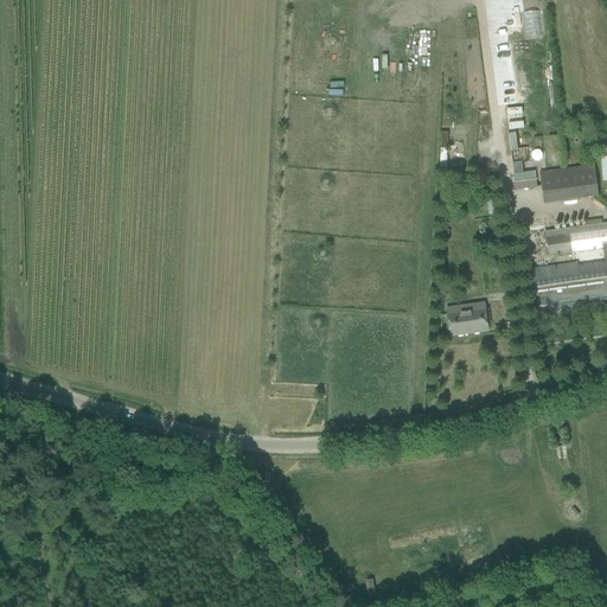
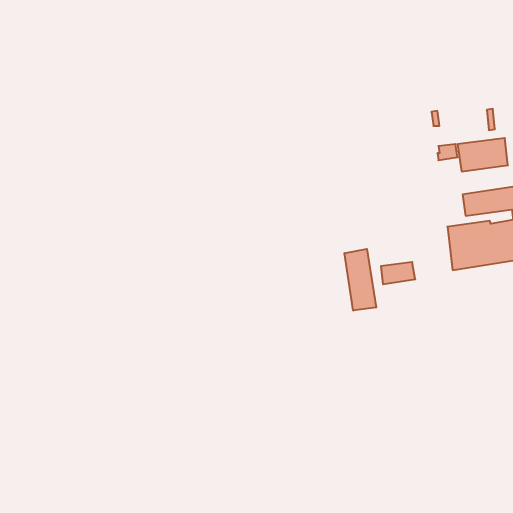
building: none -> [344,249,376,311]

